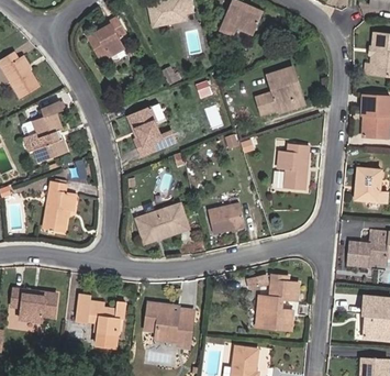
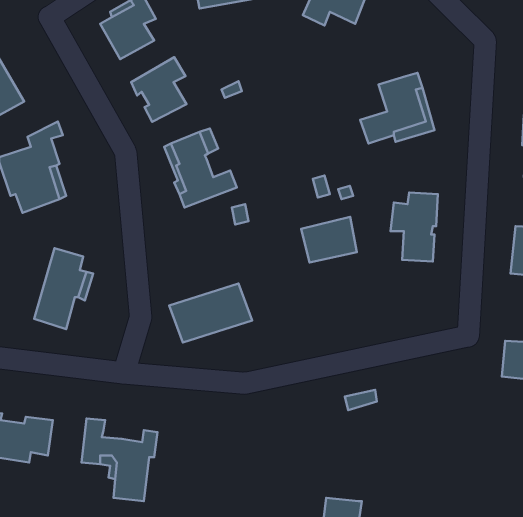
building: none -> [131,57,187,122]
building: [207,202,243,232] -> [301,217,357,262]
building: [256,274,298,329] -> none
building: [144,302,193,346] -> none

